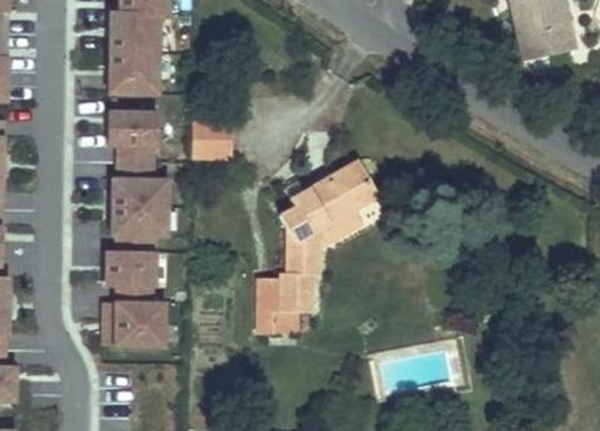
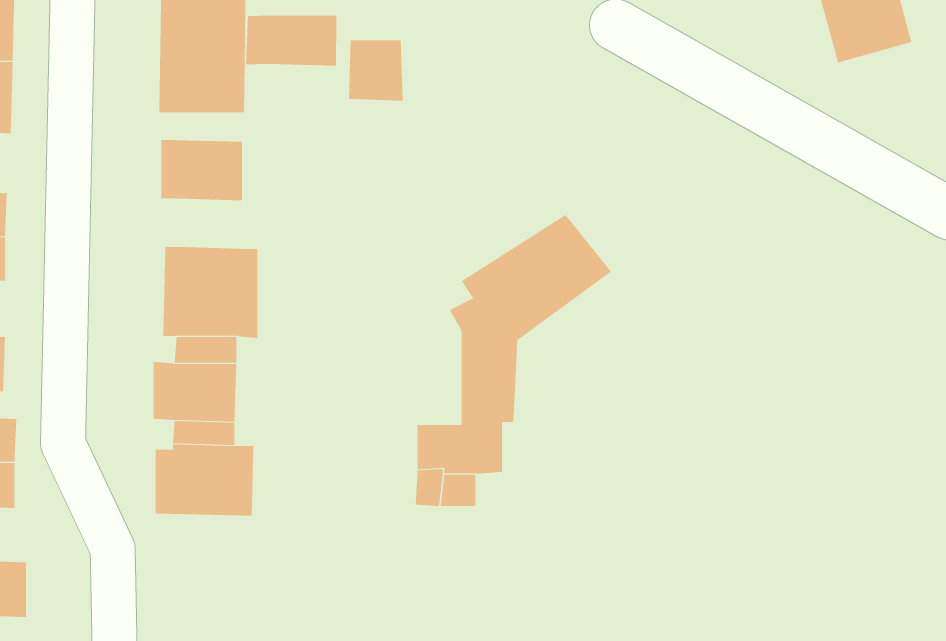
building: none -> [245,15,337,67]
building: [196,119,231,157] -> [348,40,403,101]
building: [114,146,156,177] -> none

